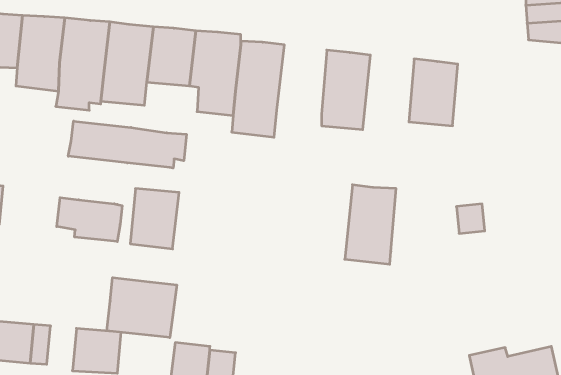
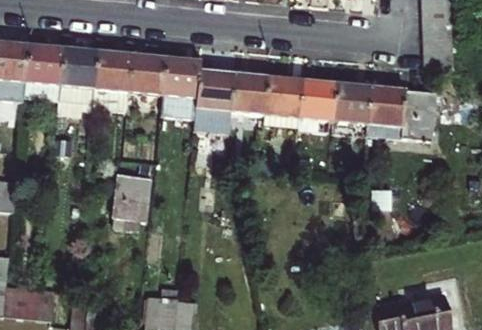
building: none -> [226,65,265,119]
building: none -> [362,80,434,142]
building: [68,121,186,168] -> none
building: [345,185,396,264] -> [293,73,333,135]
building: [57,198,122,242] -> none
building: [107,278,177,338] -> none

